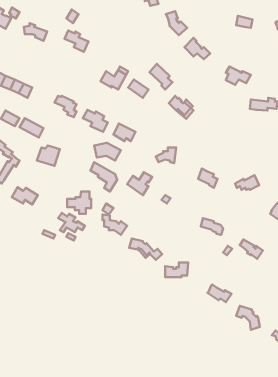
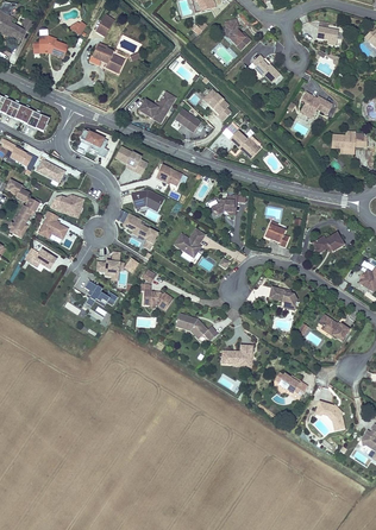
building: none -> [39,210,71,241]

